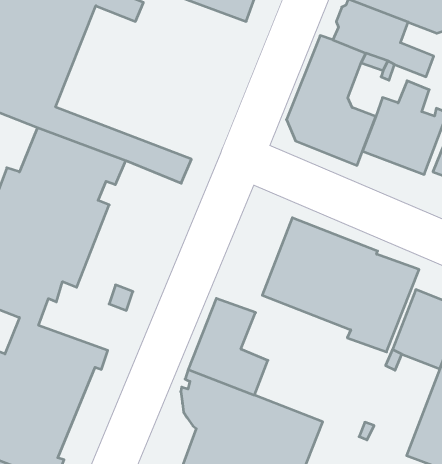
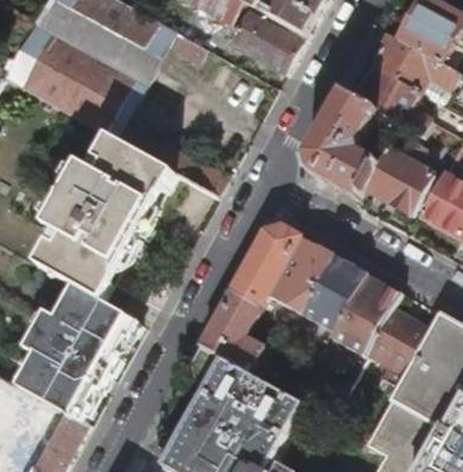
building: none -> [229,225,299,307]

